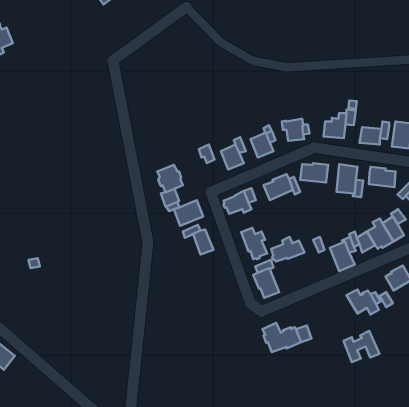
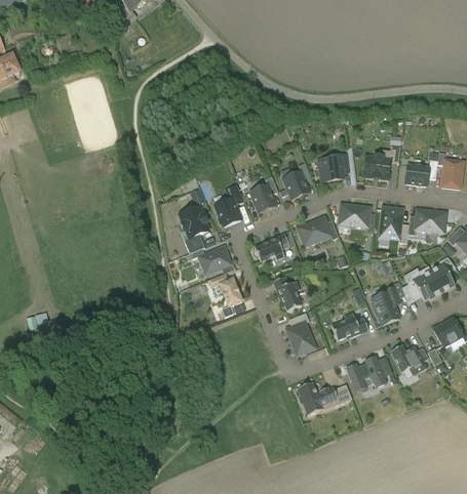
building: none -> [215,198,240,227]
building: [271,237,304,262] -> [332,313,368,340]
building: [343,331,379,362] -> [347,358,387,393]

